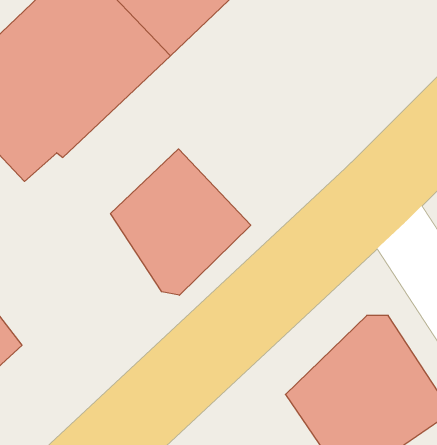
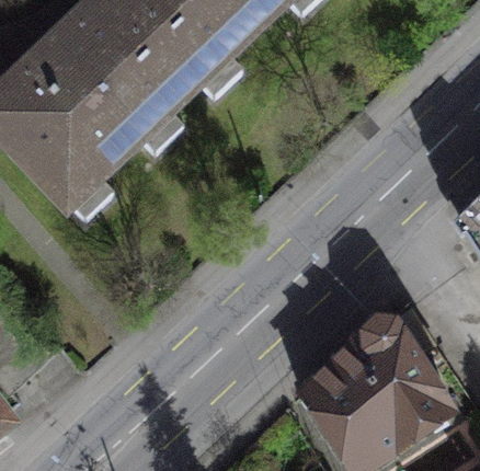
building: [111,149,251,295] -> none

